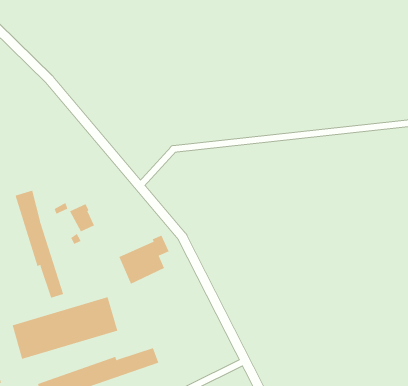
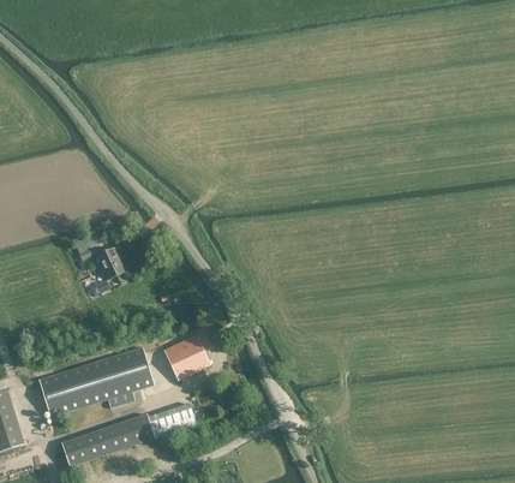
building: [15,190,64,299] -> none
building: [118,235,169,285] -> [161,327,216,381]

